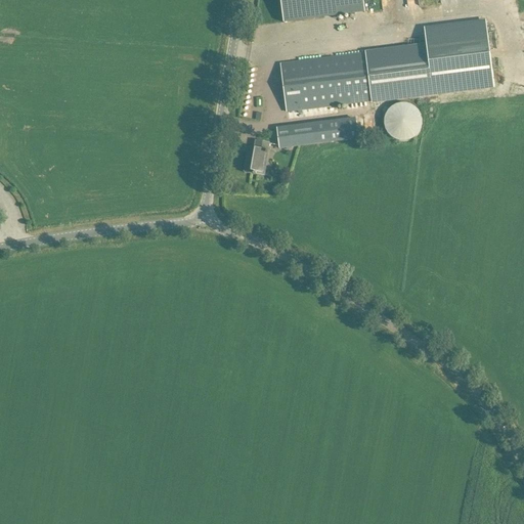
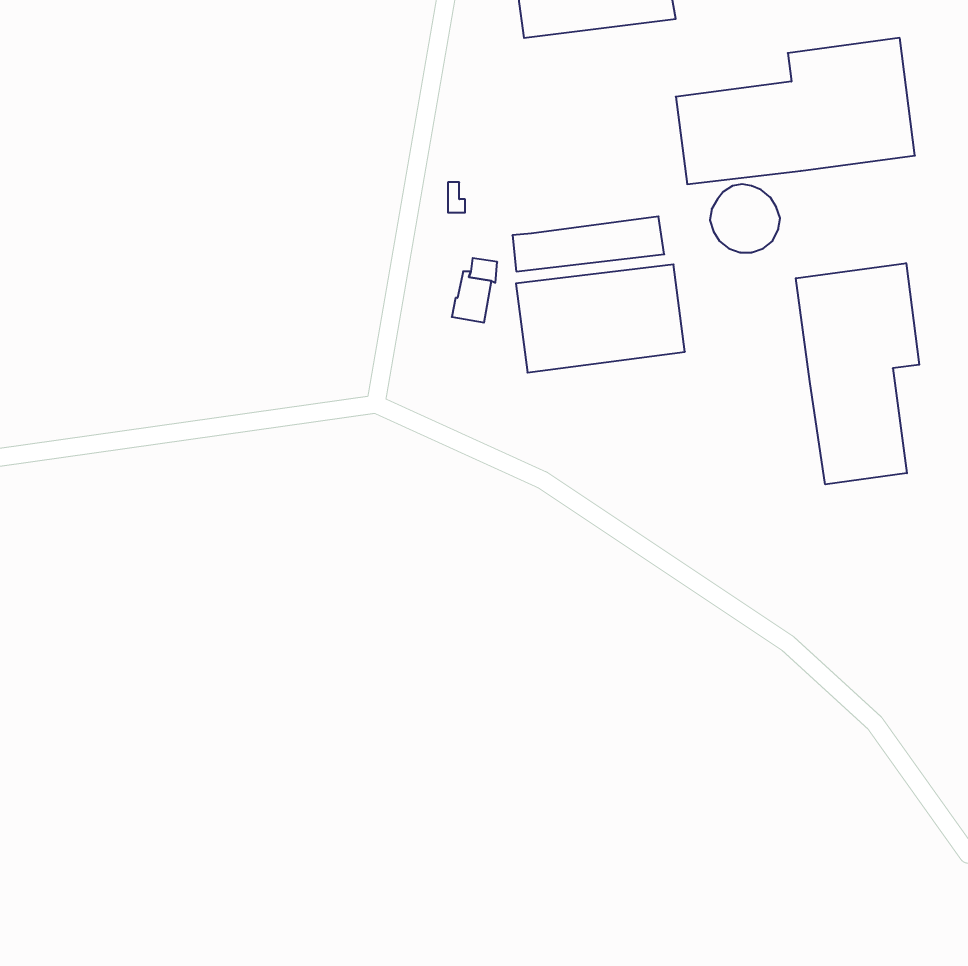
building: [279,52,370,111] -> [516,264,685,373]
building: none -> [796,263,919,484]

